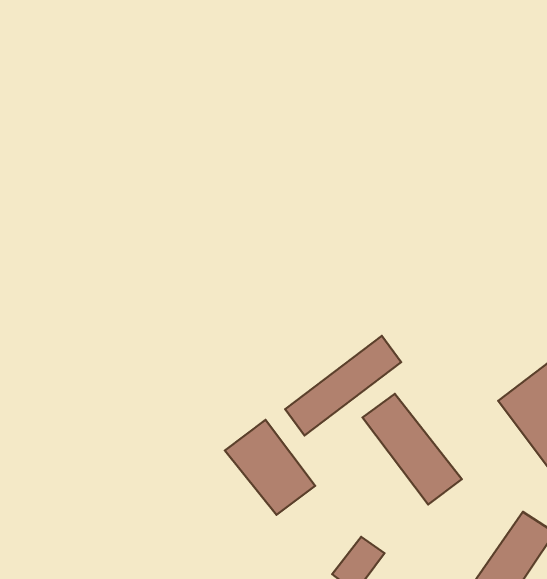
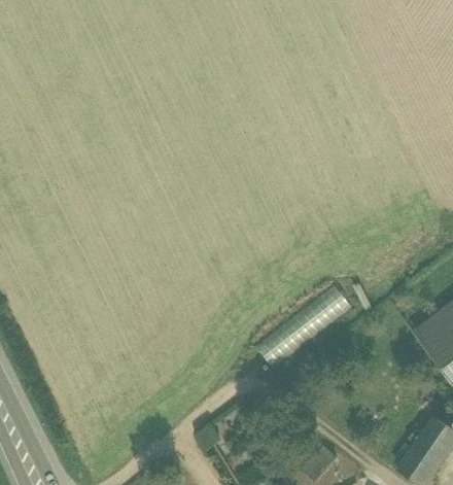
building: [363,394,462,504] -> none
building: [225,420,315,515] -> none

